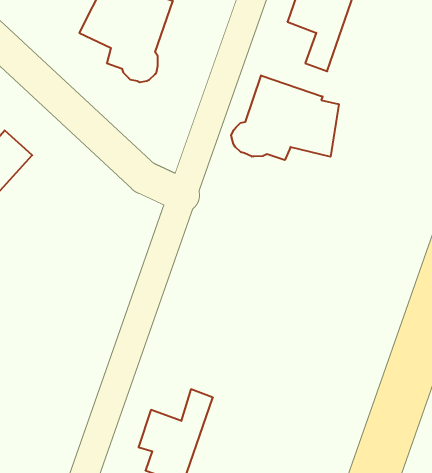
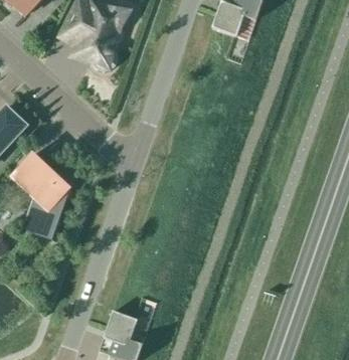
building: [231,75,339,160] -> none
building: none -> [11,152,78,239]

